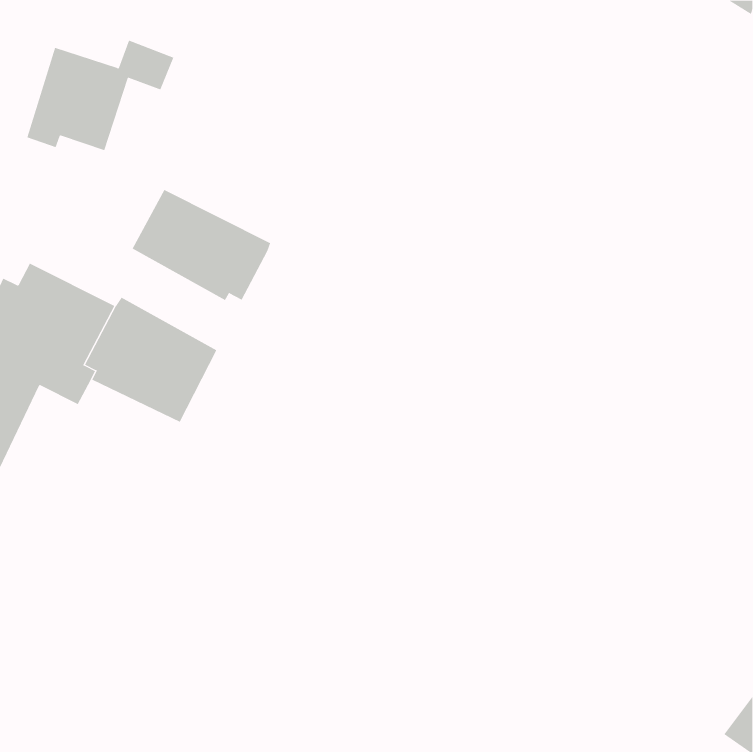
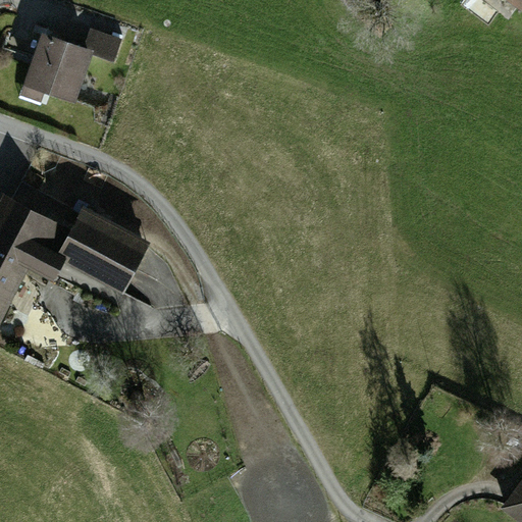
building: [132,189,271,301] -> none

